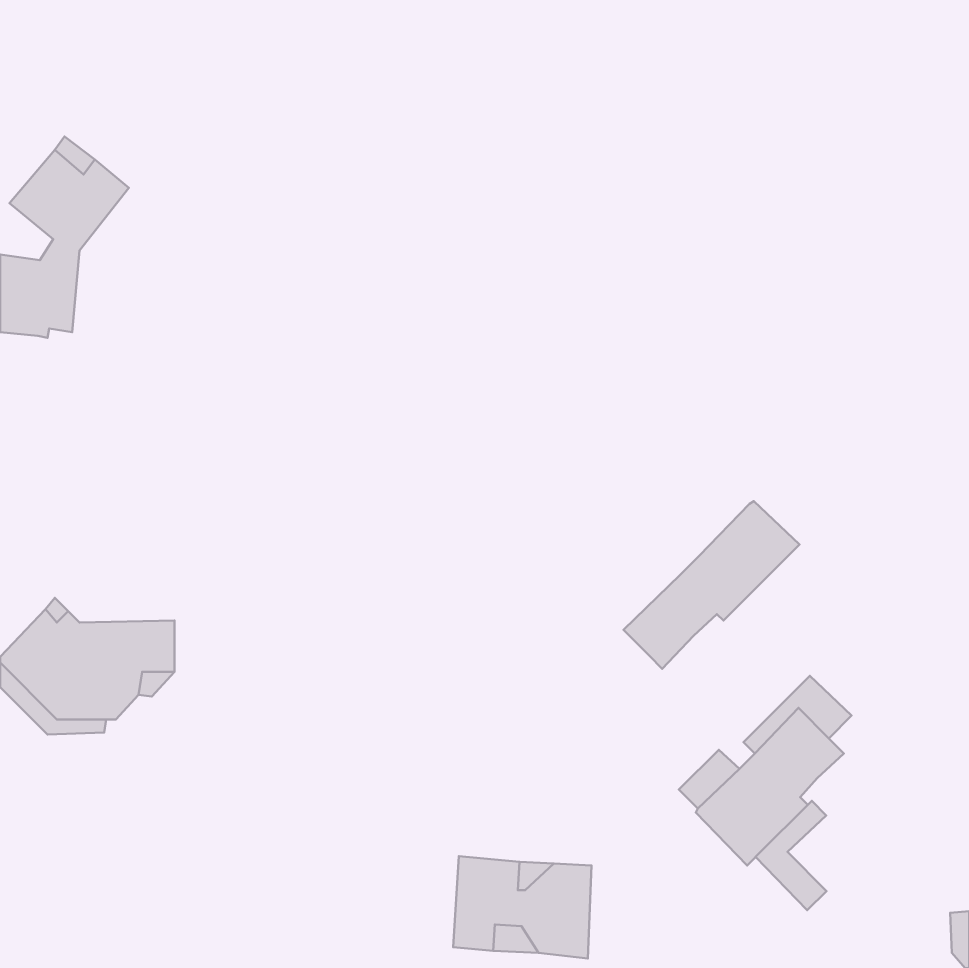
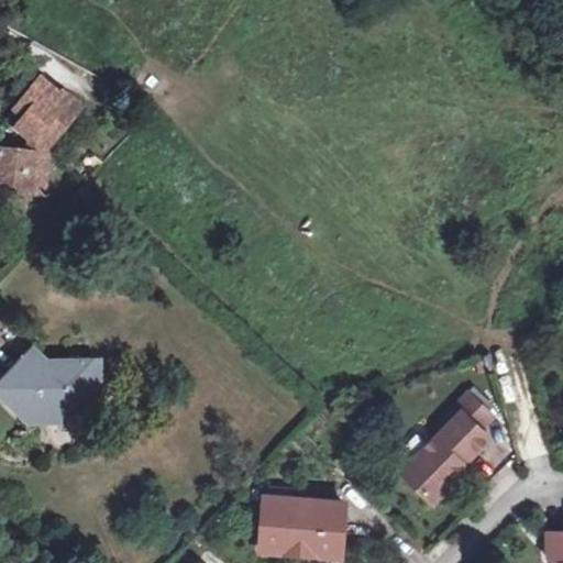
building: [623,501,800,669] -> none
building: [756,801,826,910] -> none

